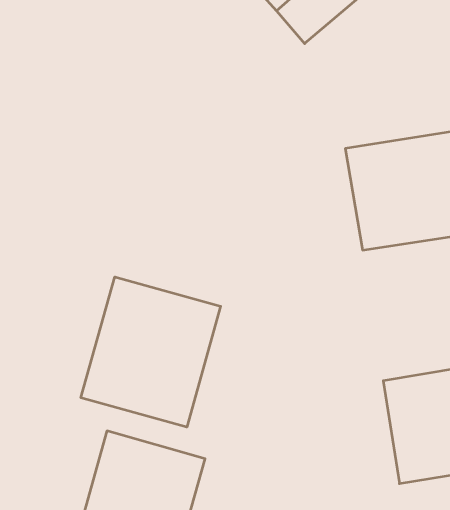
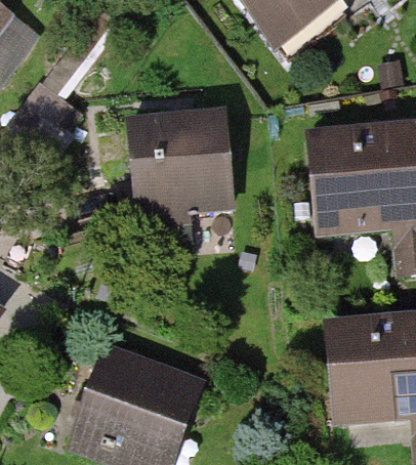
building: none -> [131,113,232,209]
building: [81,277,221,427] -> none

